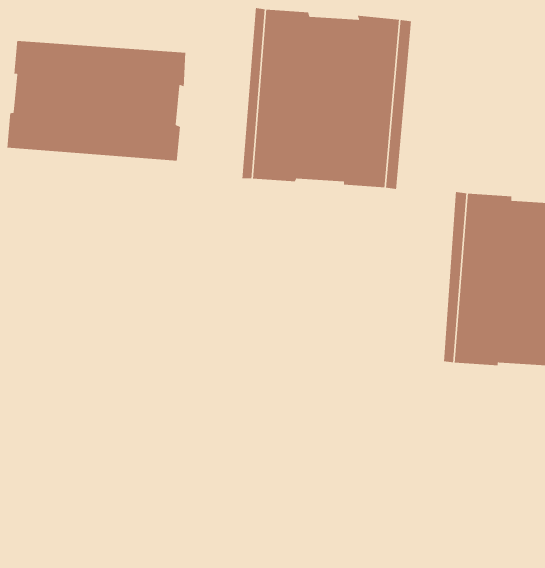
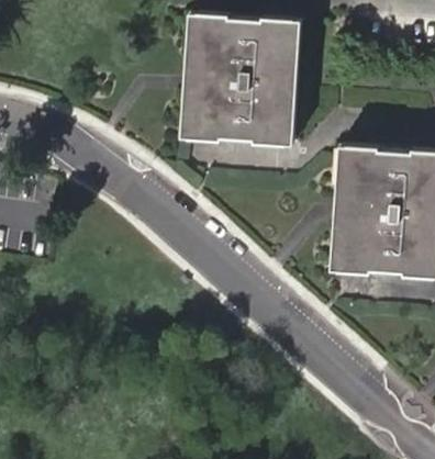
building: [6,40,186,162] -> none

